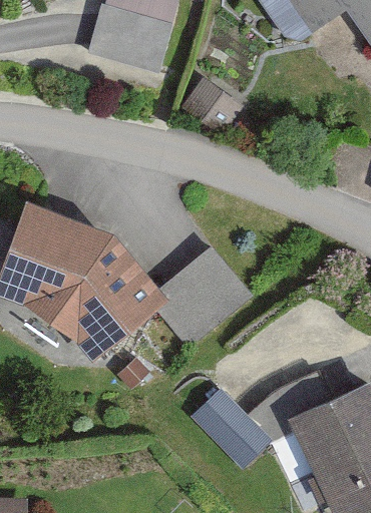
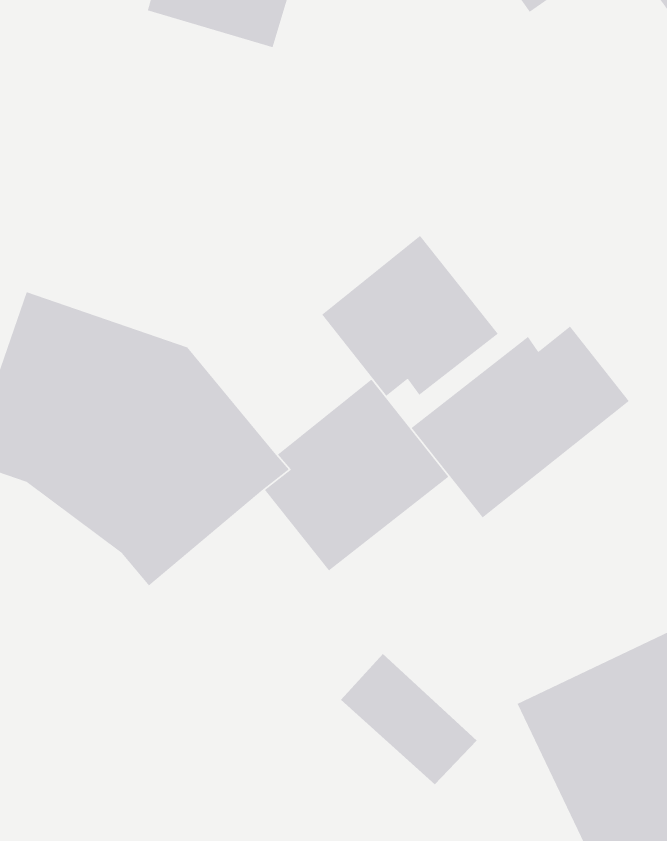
building: none -> [321,235,499,397]
building: none -> [411,325,630,519]

